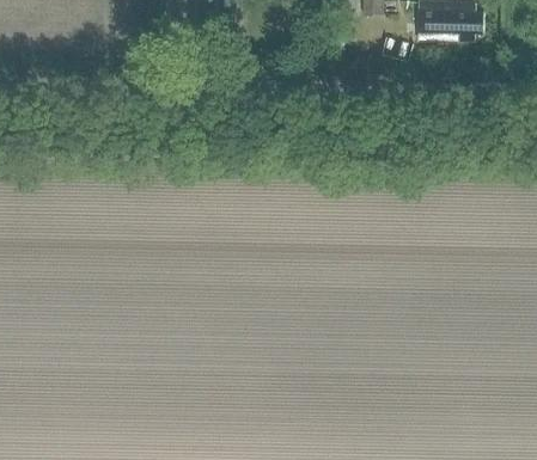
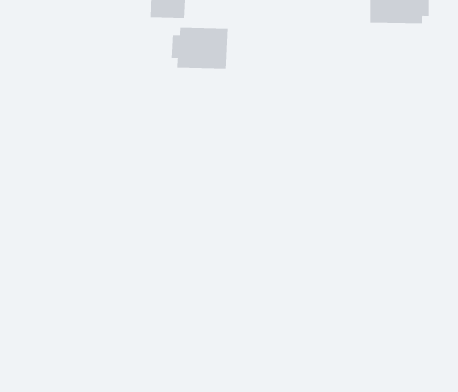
building: none -> [171,27,228,70]

